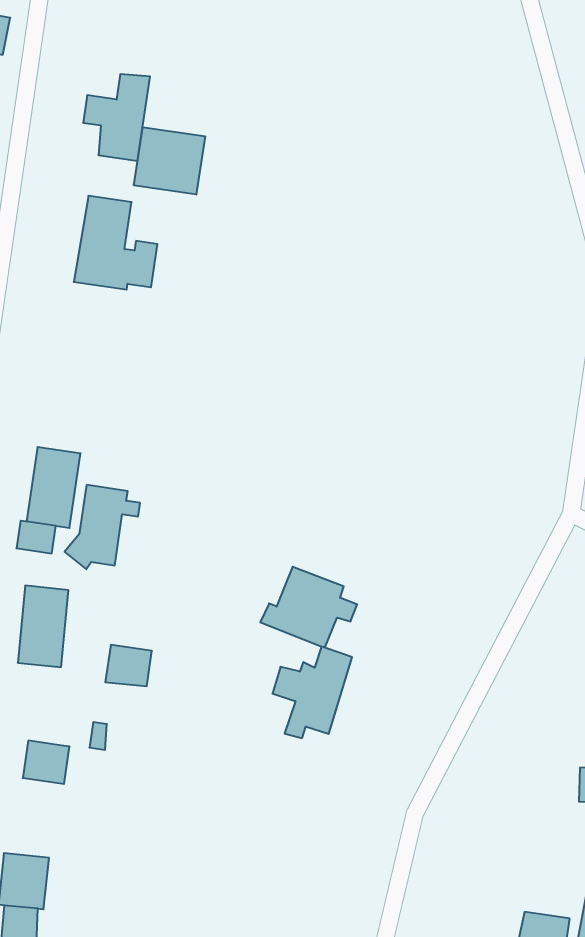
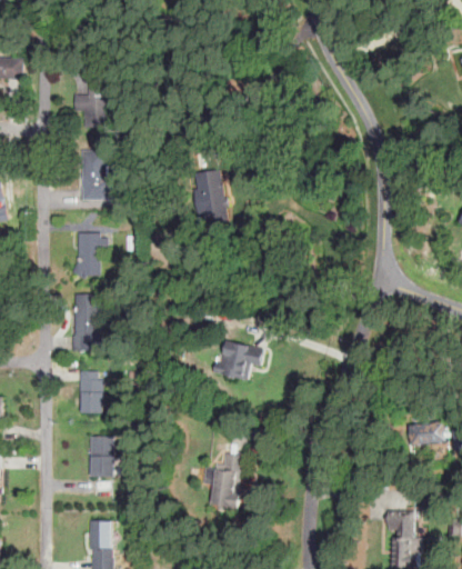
building: [134,127,205,195] -> none
building: none -> [197,170,229,222]
building: [65,485,140,569] -> [71,232,109,279]
building: [105,645,152,686] -> [90,437,113,458]
building: [272,647,352,738] -> [202,452,243,505]

